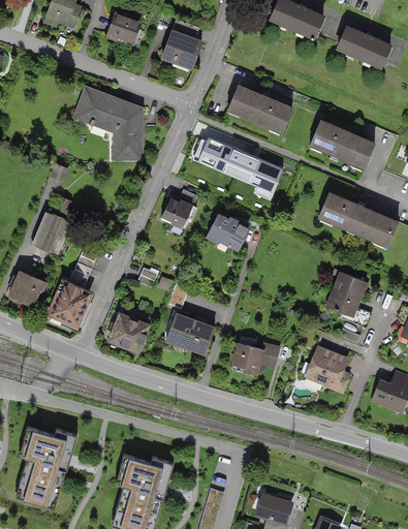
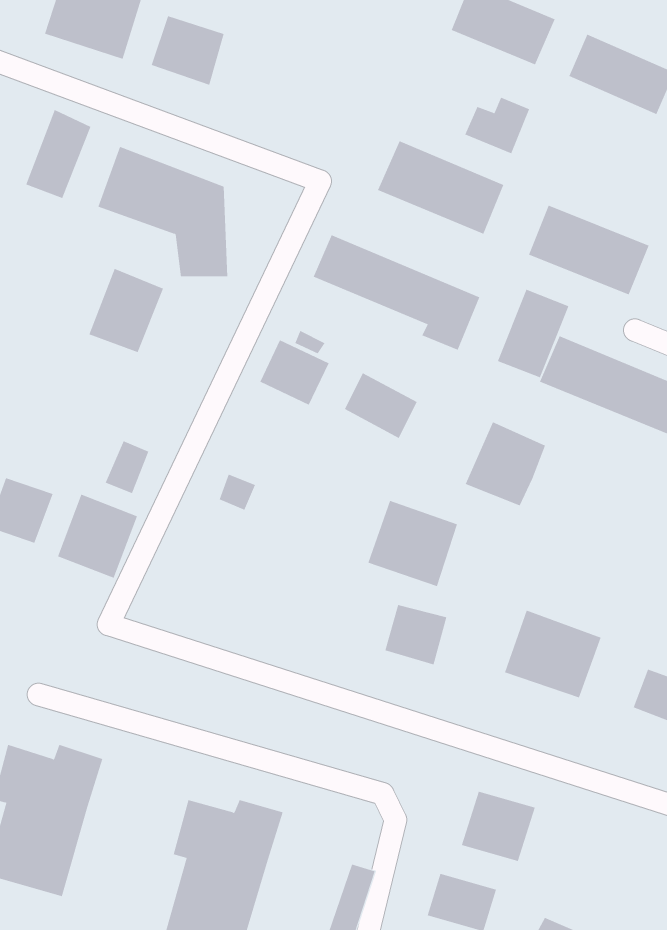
building: [162,28,206,70] -> none
building: none -> [464,97,530,154]
building: none -> [26,109,91,199]
building: none -> [497,289,569,378]
building: [31,210,73,257] -> [88,268,164,353]
building: [322,271,368,318] -> [465,421,546,506]
building: [106,312,152,357] -> none
building: [165,312,216,361] -> [368,500,458,587]
building: none -> [461,791,535,862]

